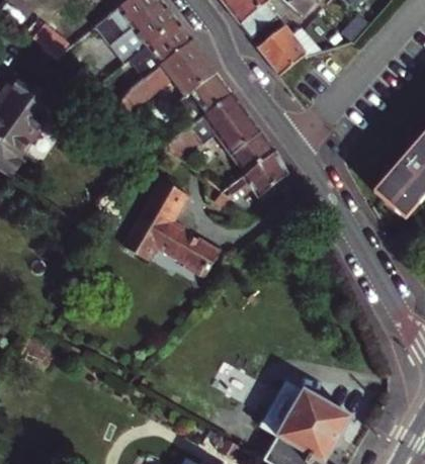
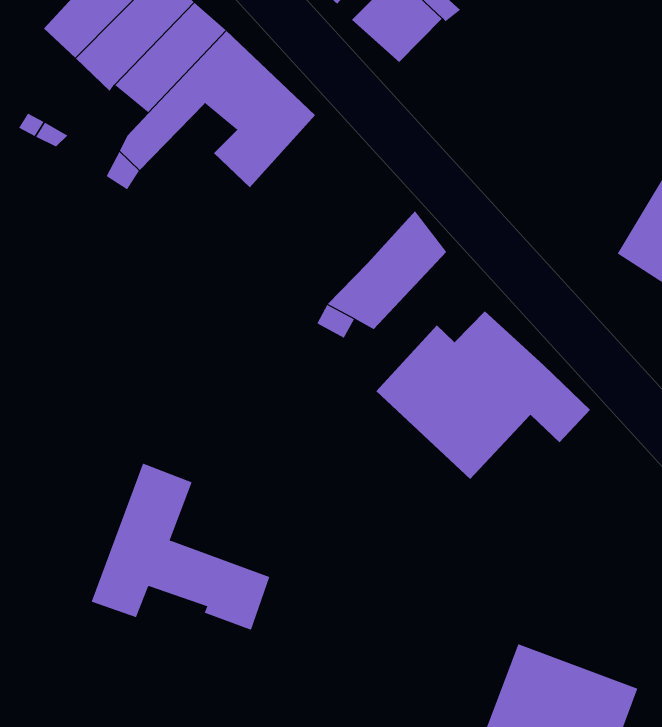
building: [164,93,274,174] -> none
building: [124,181,220,277] -> [91,463,270,630]
building: none -> [376,310,591,480]

